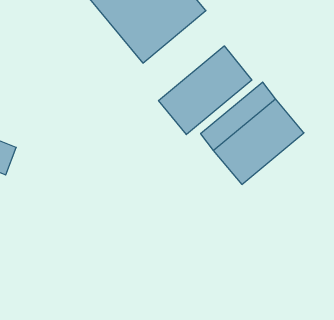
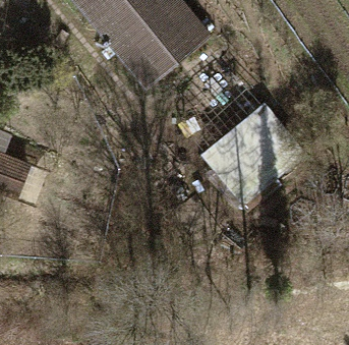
building: [159,46,252,135] -> none

